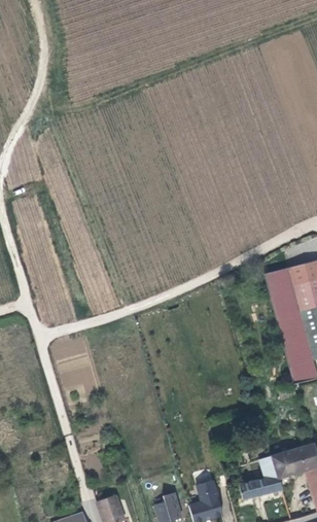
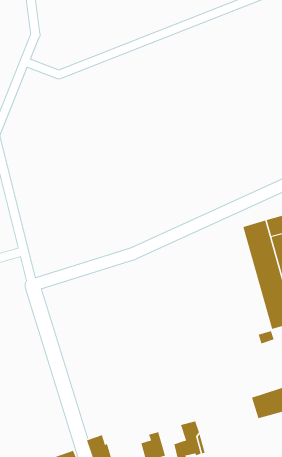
building: [240,456,282,499] -> none

